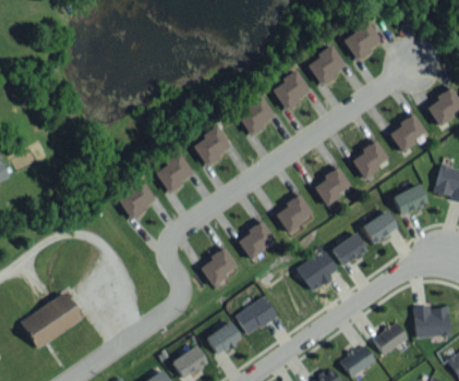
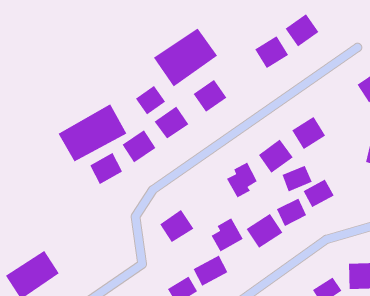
building: none -> [153,28,218,87]
building: [273,70,312,110] -> none
building: none -> [135,85,166,116]
building: [386,112,427,152] -> none
building: none -> [57,103,128,162]
building: [392,185,428,217] -> [282,165,313,192]
building: [237,218,275,258] -> [211,217,244,252]

